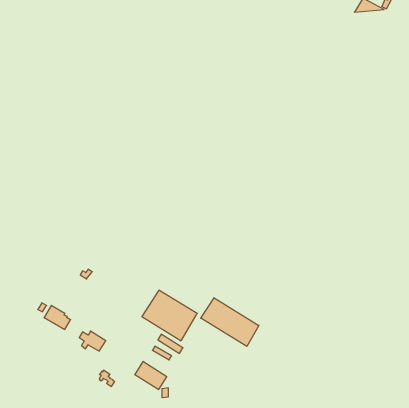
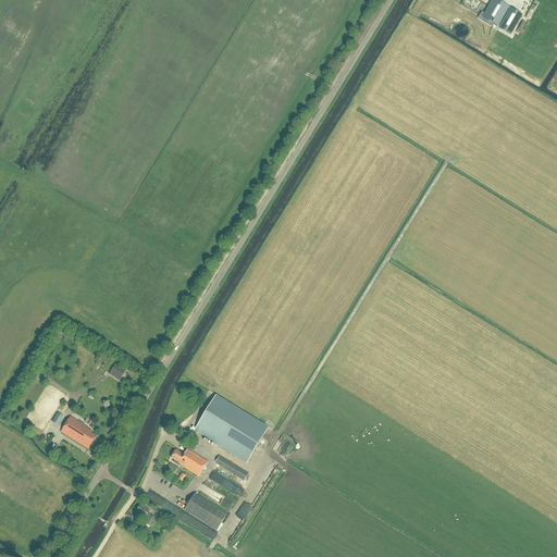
building: [201,298,259,346] -> none
building: [79,331,106,351] -> [171,447,207,474]

